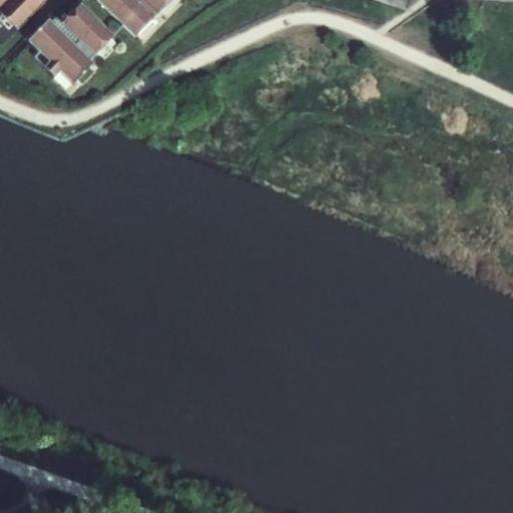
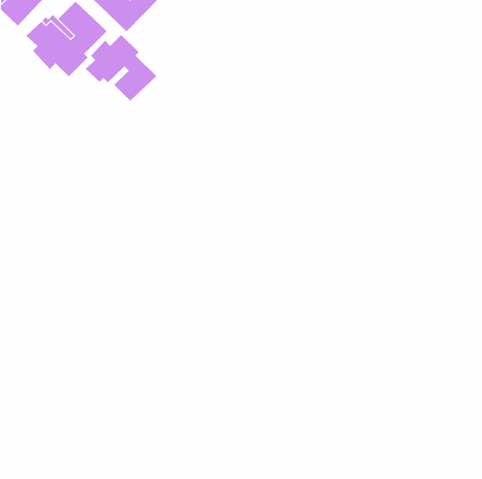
building: none -> [85,34,157,101]

